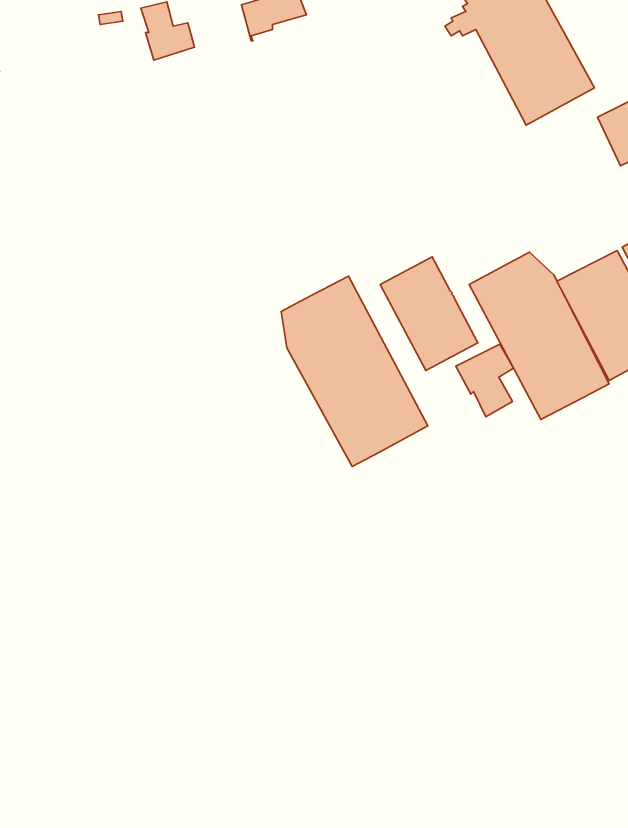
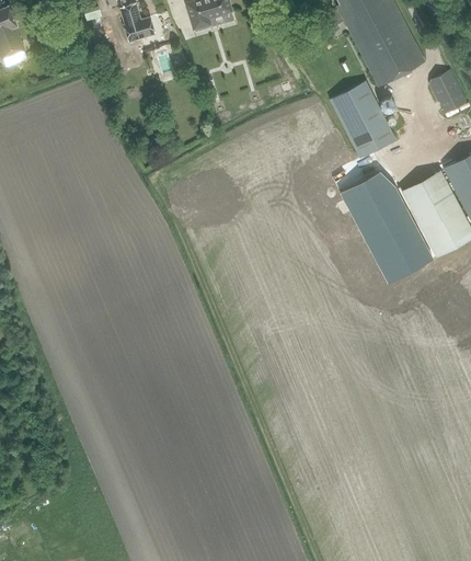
building: [380,257,478,371] -> [331,82,397,159]
building: [281,276,428,466] -> none
building: [456,344,514,417] -> none

